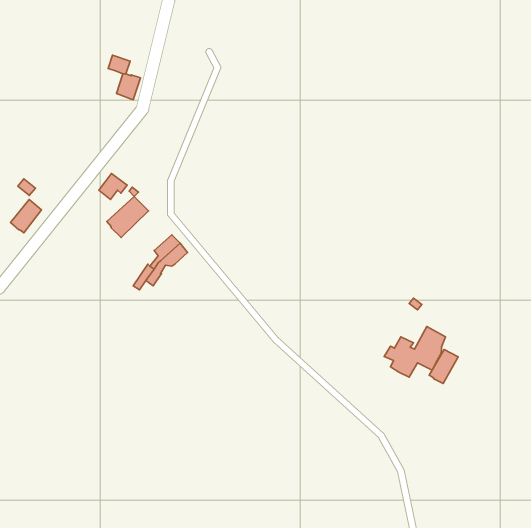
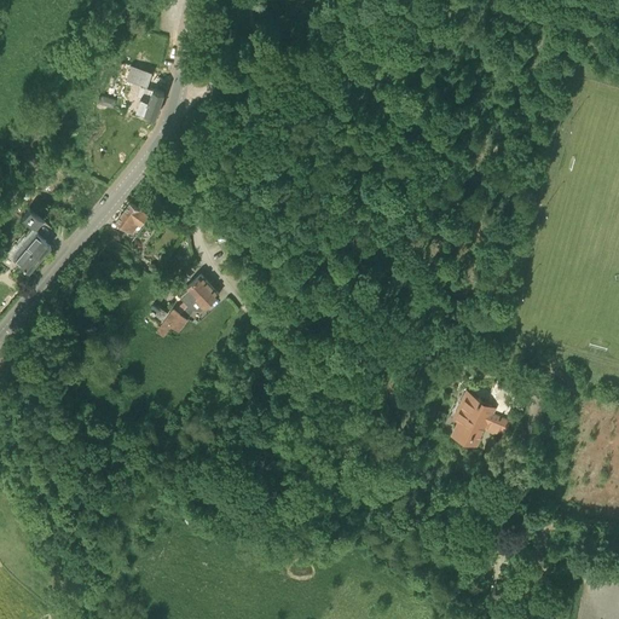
building: [107,196,149,237] -> none
building: [429,349,458,384] -> none

